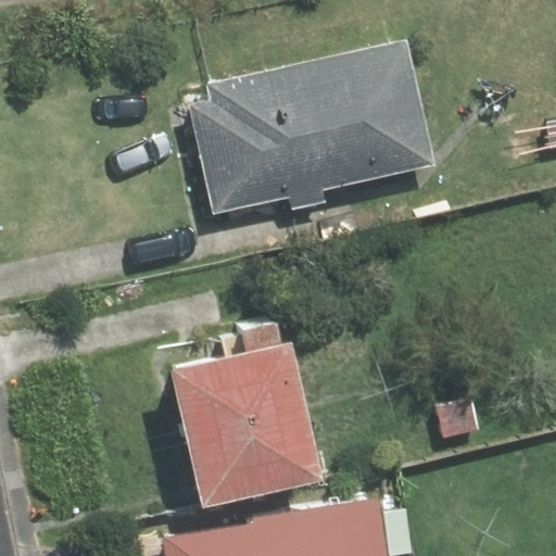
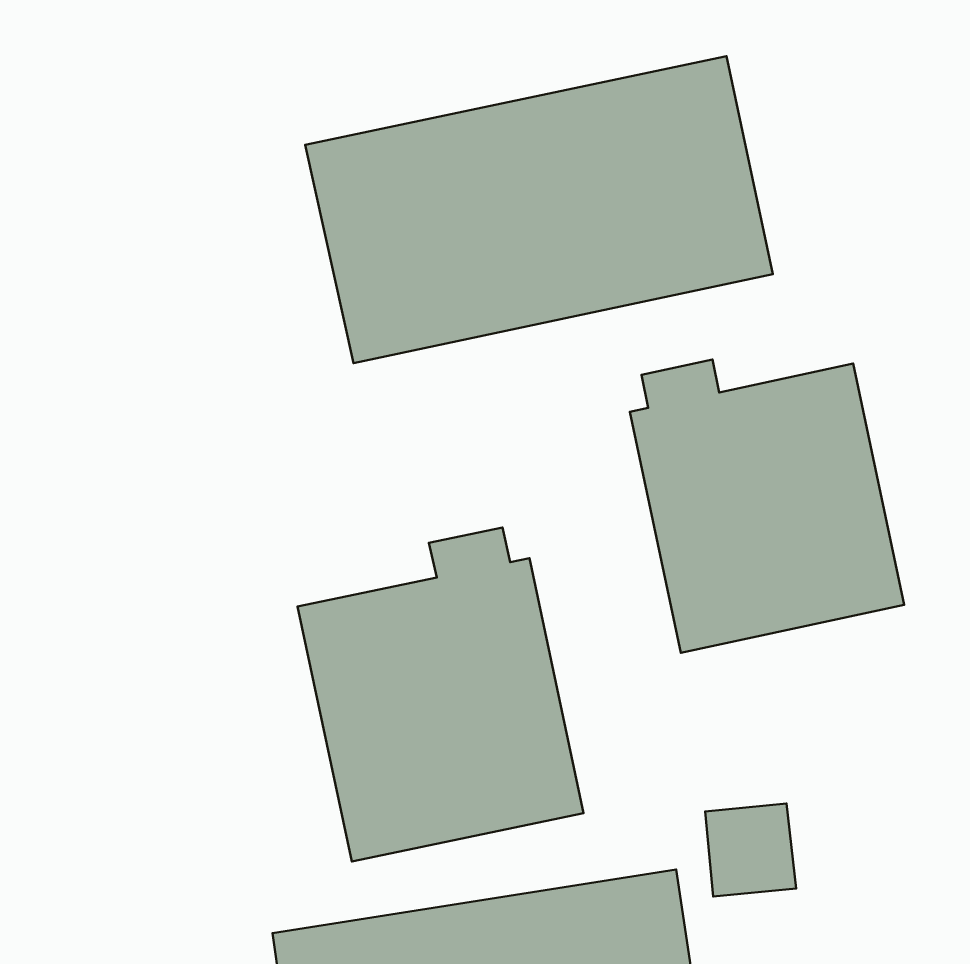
building: none -> [630,360,904,653]

